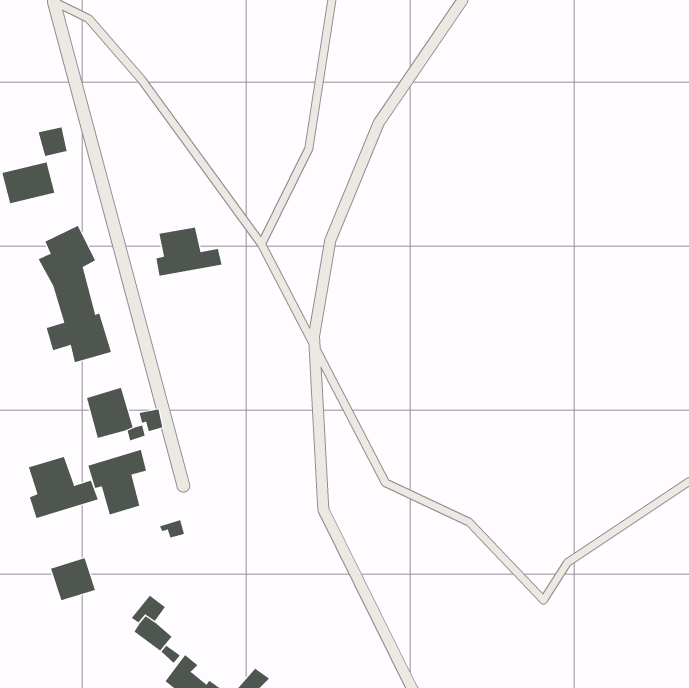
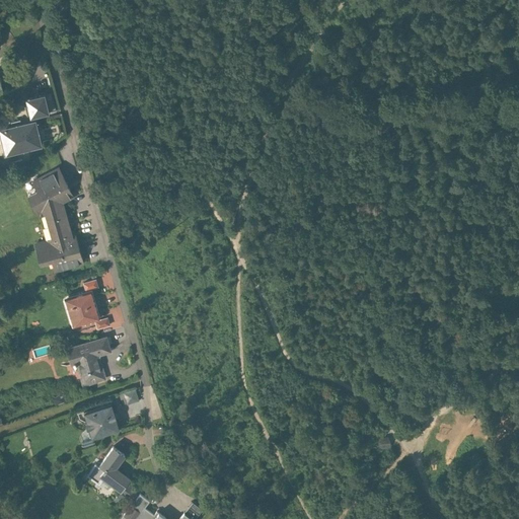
building: [156,227,222,276] -> none
building: [28,456,99,519] -> none
building: [50,558,96,601] -> [84,406,119,439]

